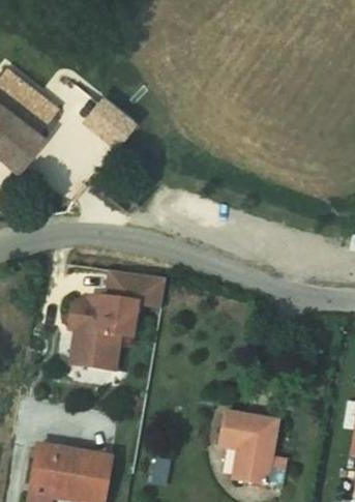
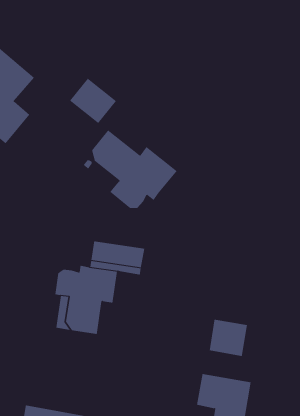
building: none -> [92,129,177,209]
building: none -> [209,319,247,357]

